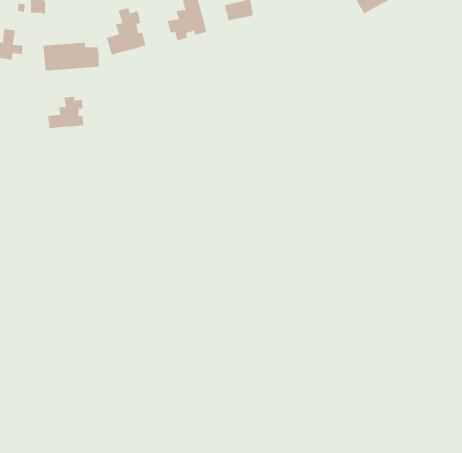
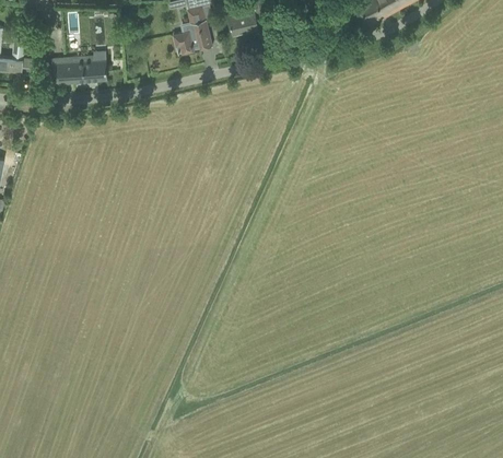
building: [106,7,146,55] -> none
building: [48,96,84,129] -> none

